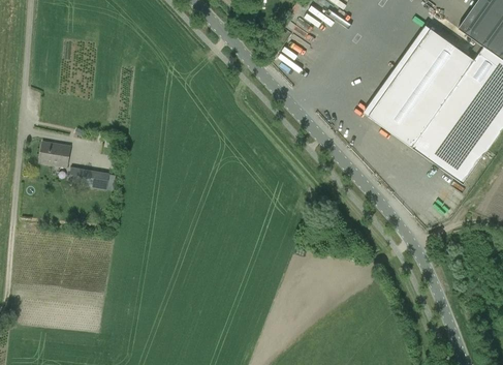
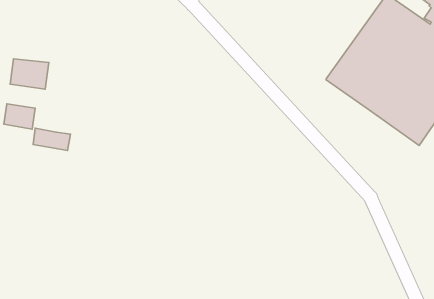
building: none -> [10,59,49,89]

